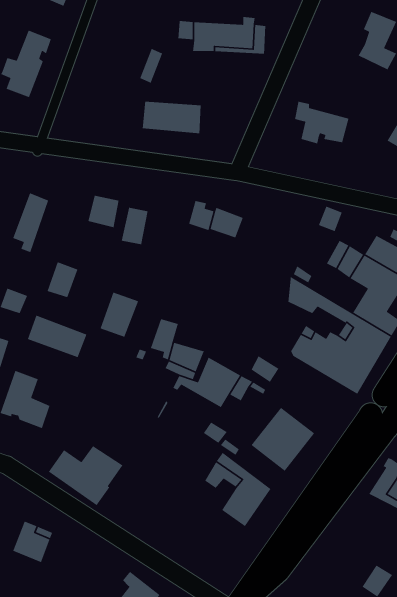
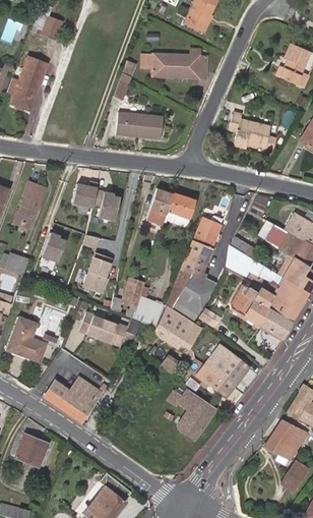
building: none -> [167,218,222,320]
building: [27,314,88,358] -> [79,311,126,345]
building: none -> [268,422,306,461]

